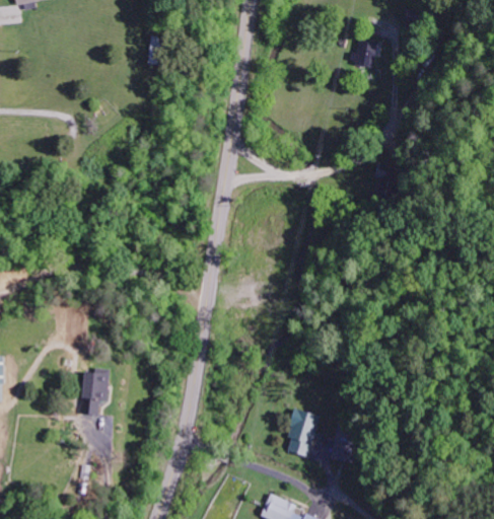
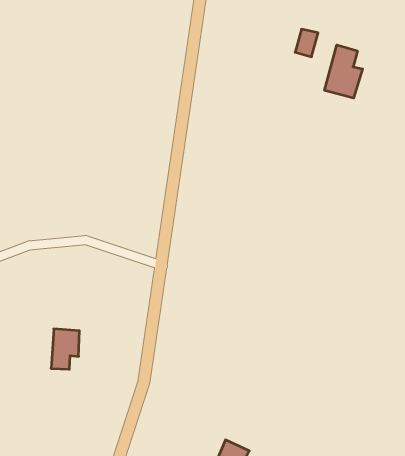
building: none -> [325,45,363,98]
building: [285,410,321,457] -> none

